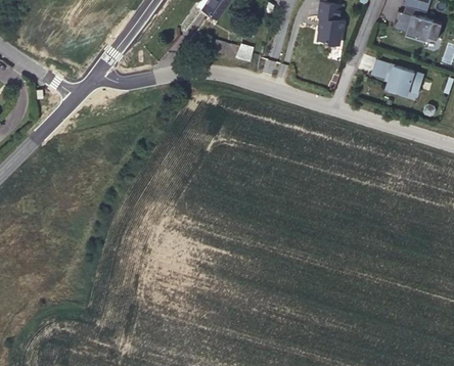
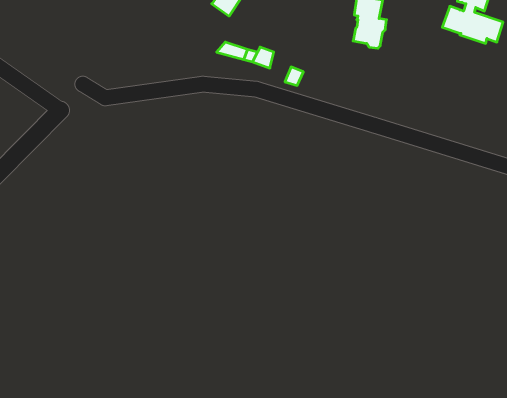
building: [372,56,425,94] -> none

